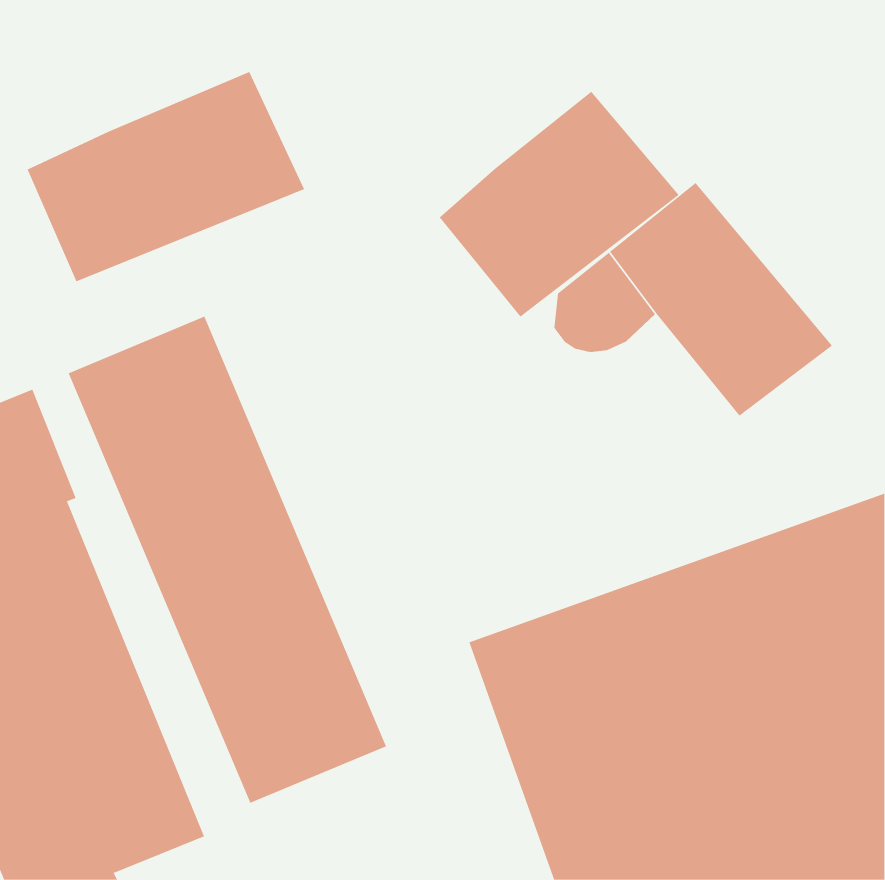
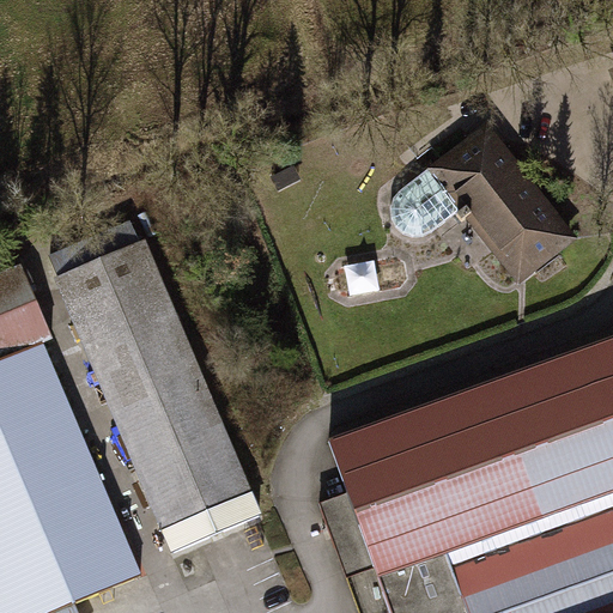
building: [27,71,305,282] -> none
building: [439,91,680,318] -> none

